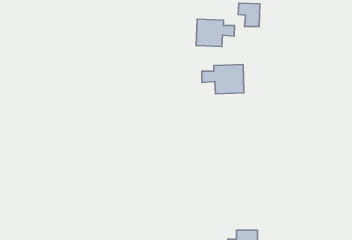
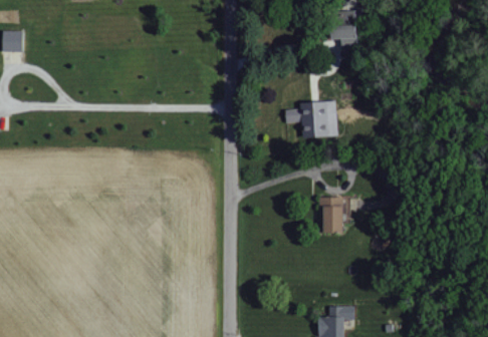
building: [196,19,234,46] -> none
building: none -> [317,197,343,233]

